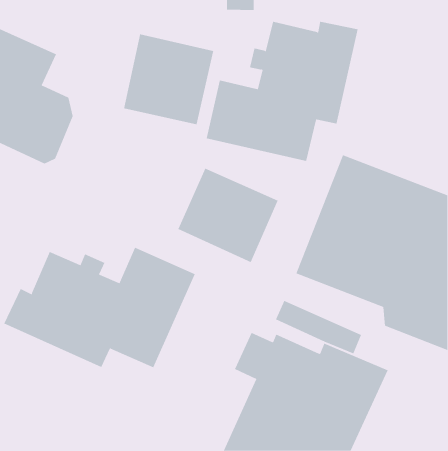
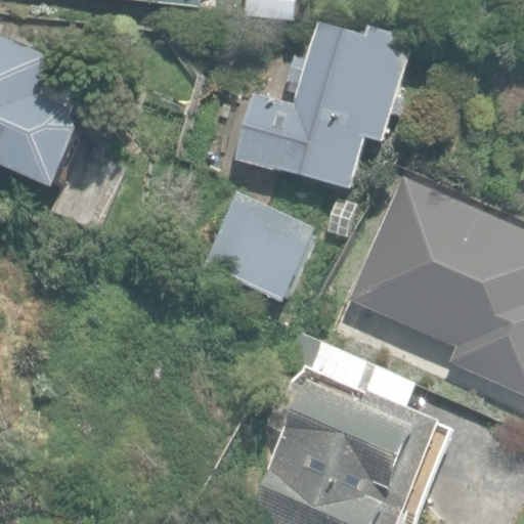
building: [124,33,214,125] -> none
building: [4,247,195,368] -> none

